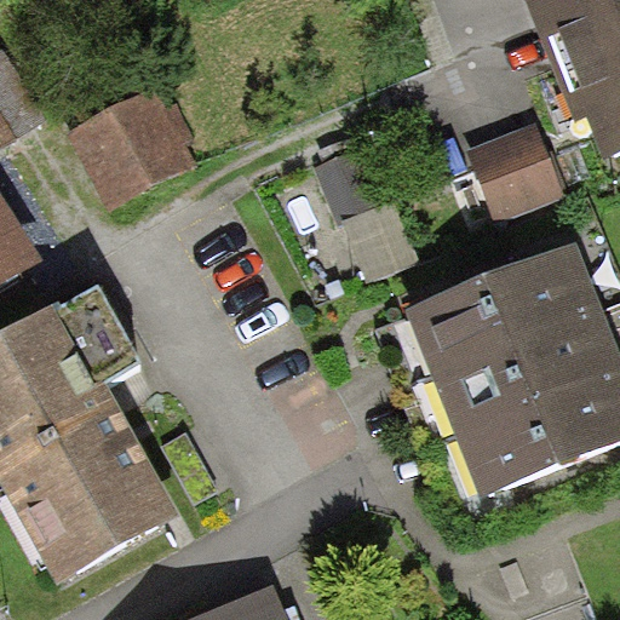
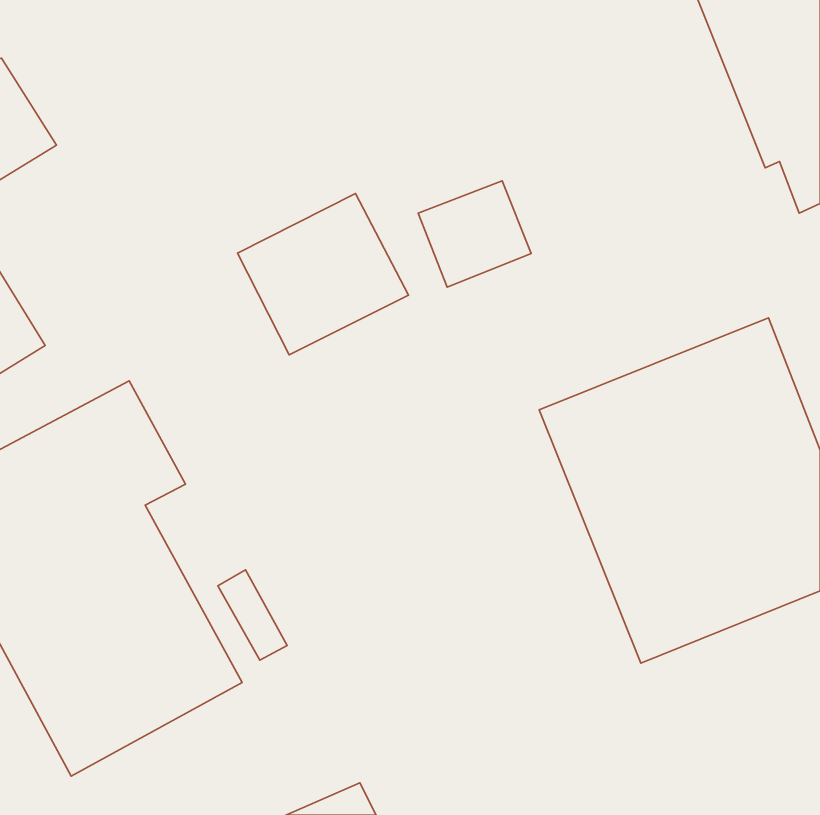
building: [68,84,196,205] -> [238,194,409,355]
building: [463,122,566,229] -> none

